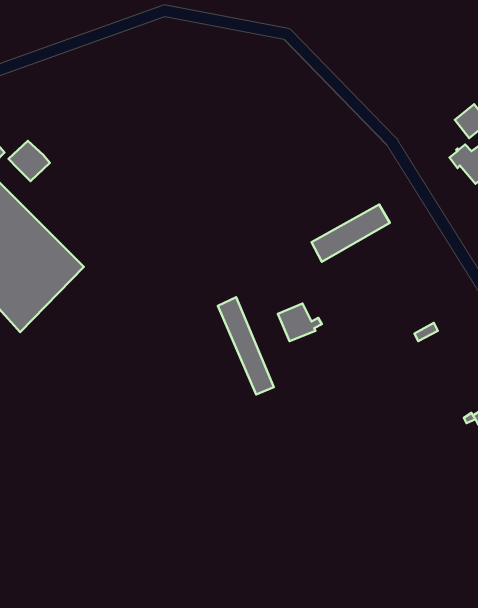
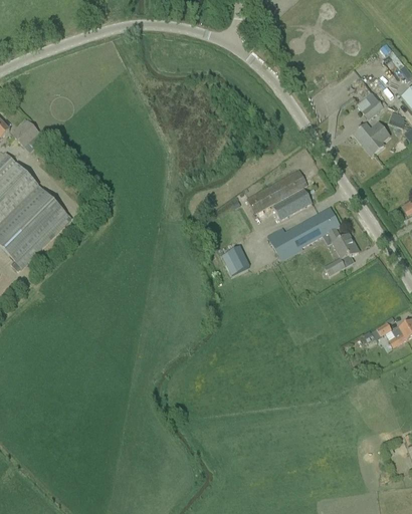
building: none -> [272,189,312,219]
building: none -> [266,207,358,258]
building: [218,297,274,395] -> none

